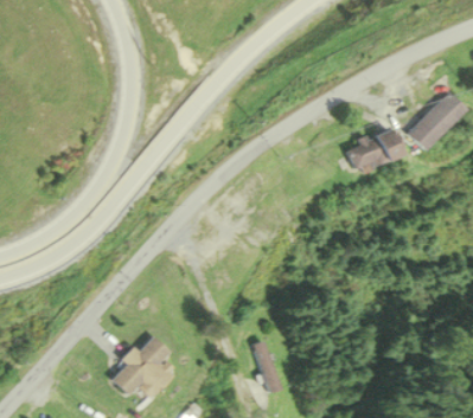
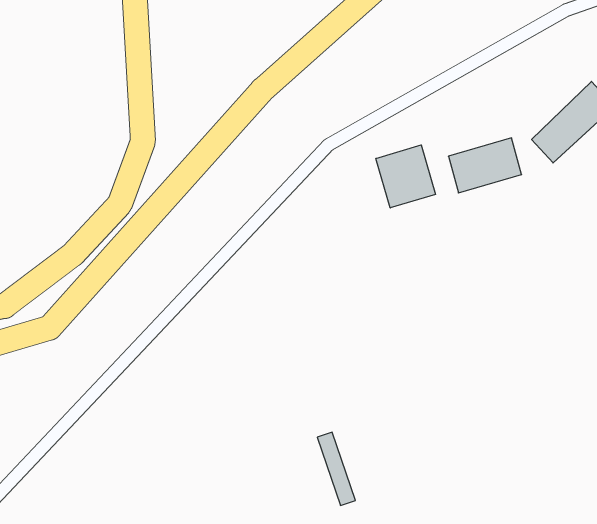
building: none -> [376,145,436,208]
building: [111,336,172,396] -> none

